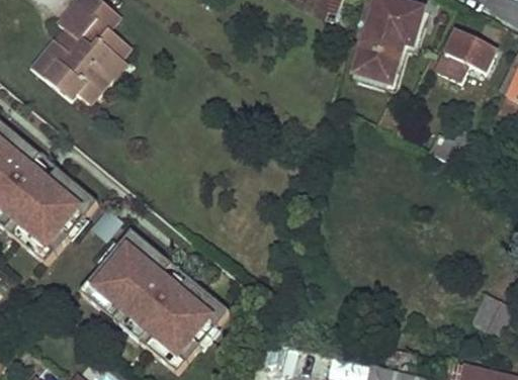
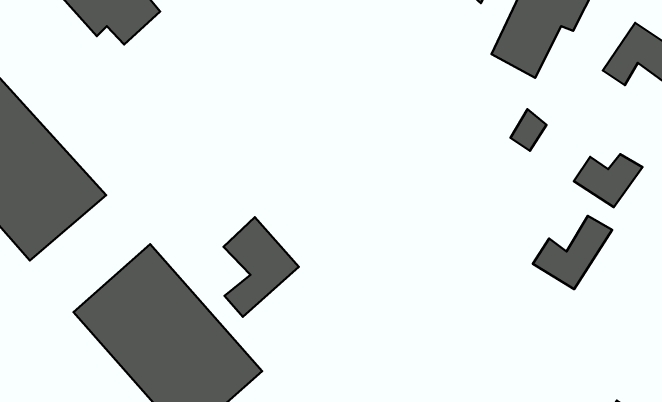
building: none -> [533,216,612,289]
building: none -> [223,217,299,317]

